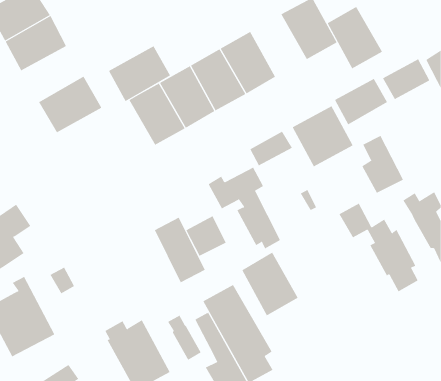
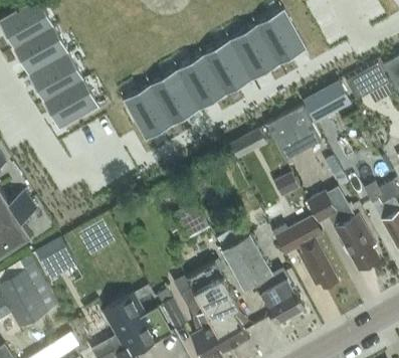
building: [327,6,383,69] -> [229,25,278,80]
building: [108,46,171,102] -> [27,53,82,103]
building: [208,167,281,249] -> [272,217,337,290]
building: [154,217,205,283] -> none
building: none -> [257,273,304,324]

